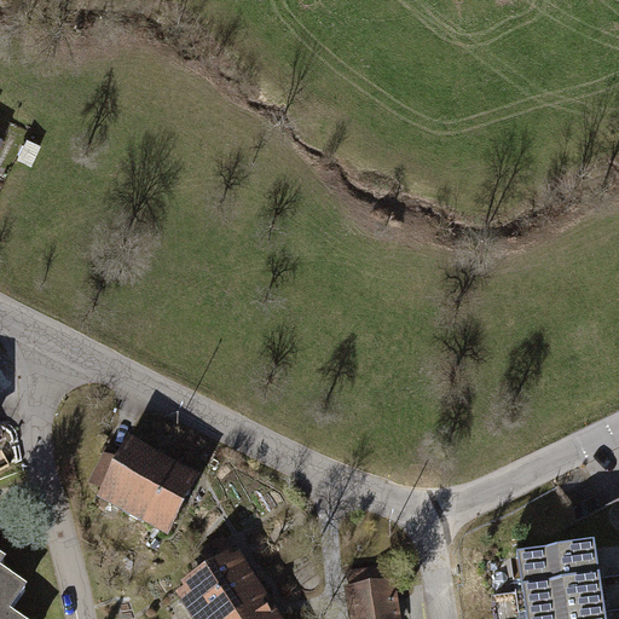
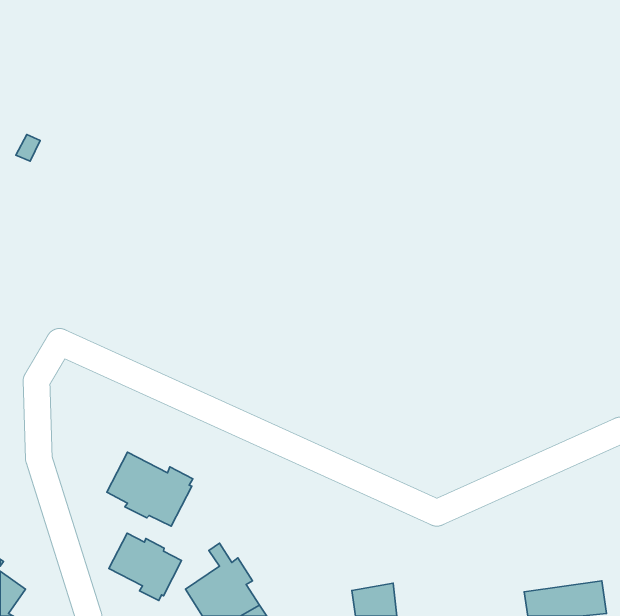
building: none -> [109,533,182,601]
building: [517,544,600,590] -> none

